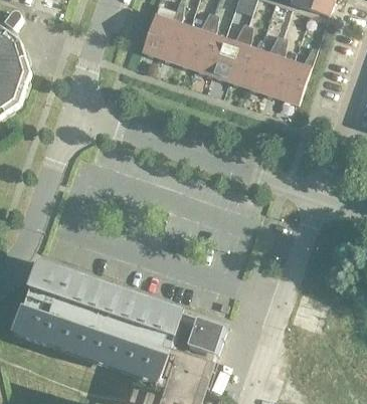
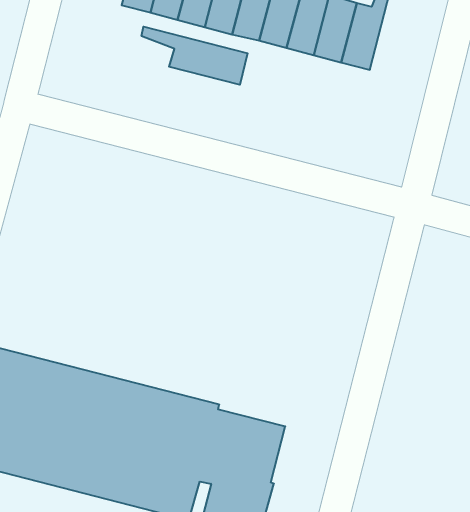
building: none -> [142,27,248,85]

